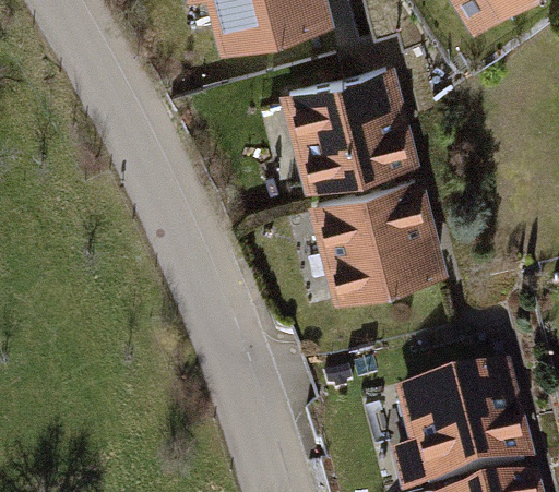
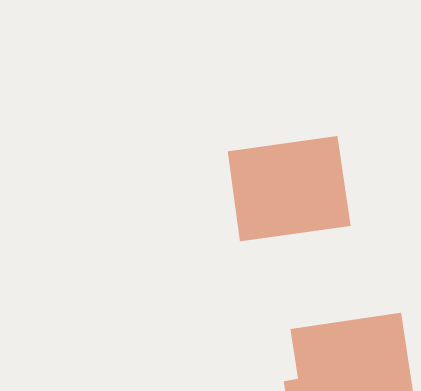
building: [280,69,421,194] -> none

